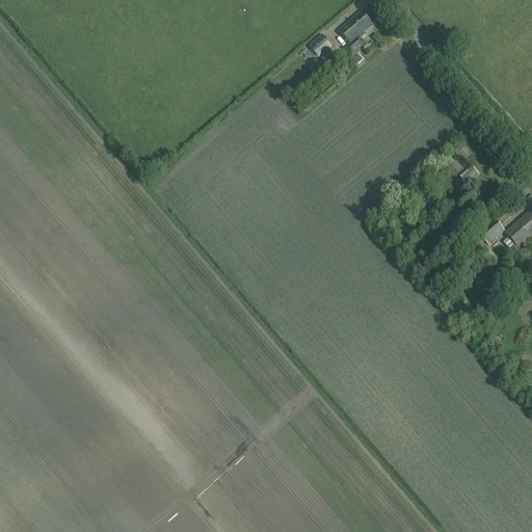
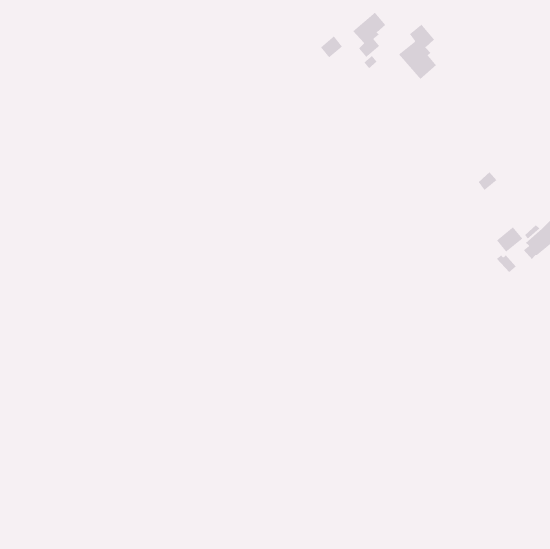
building: none -> [398,23,437,80]

